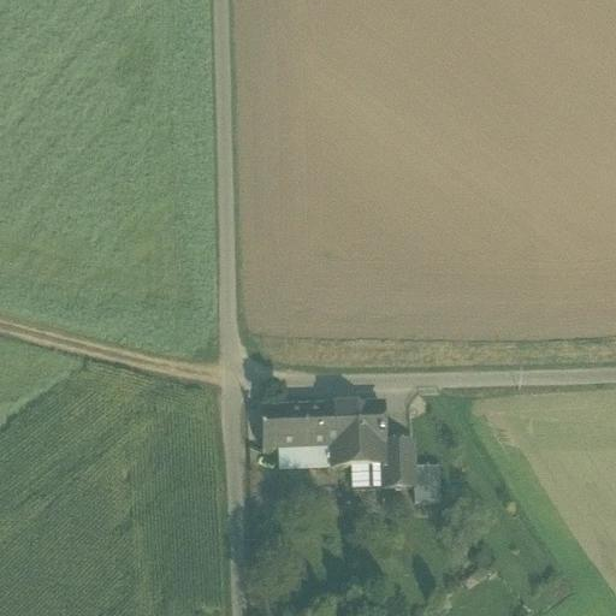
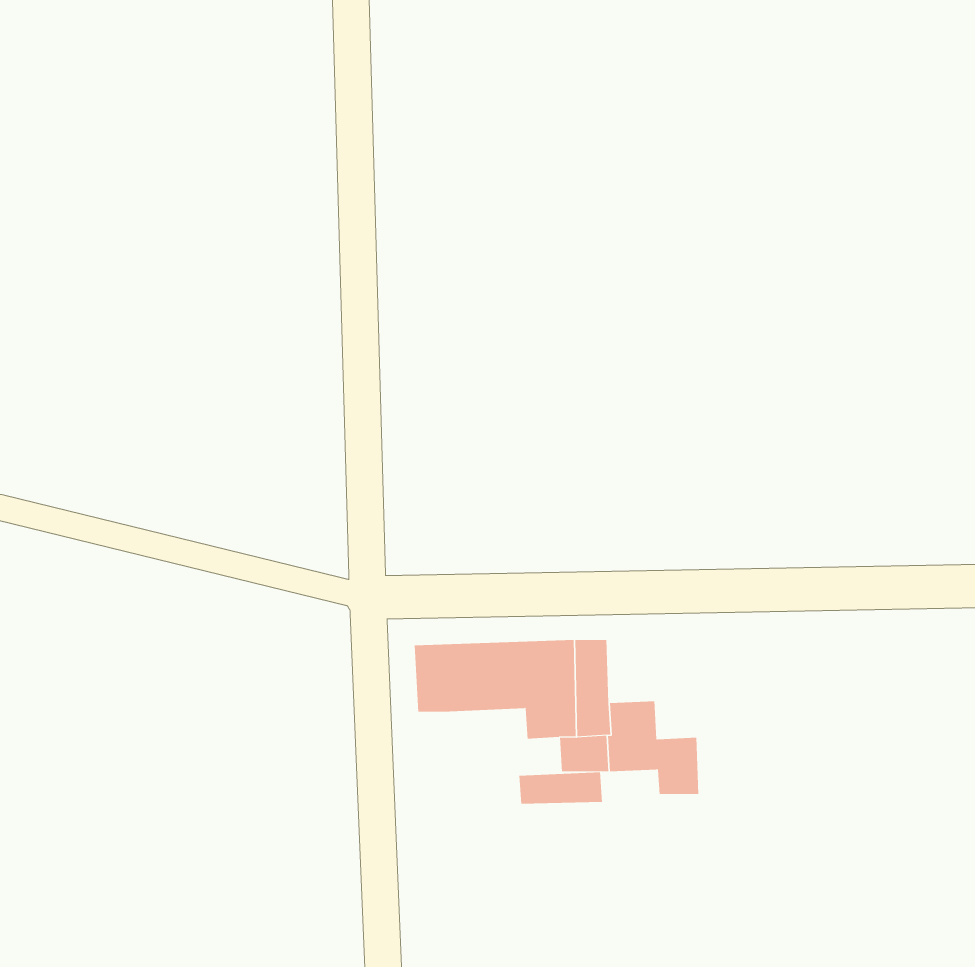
building: [280,445,333,466] -> [518,772,603,804]

